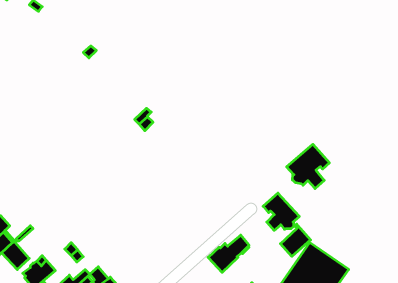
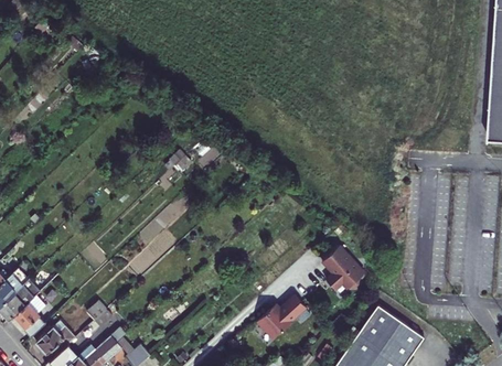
building: [287,144,329,189] -> none
building: [280,224,311,256] -> none

